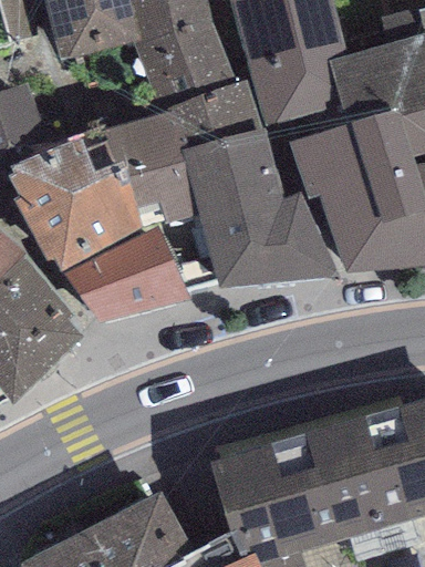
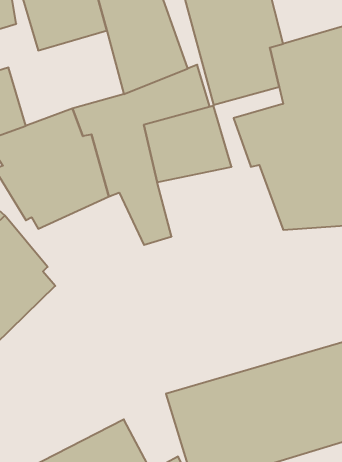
building: [199,193,336,287] -> none
building: [61,228,187,322] -> none

